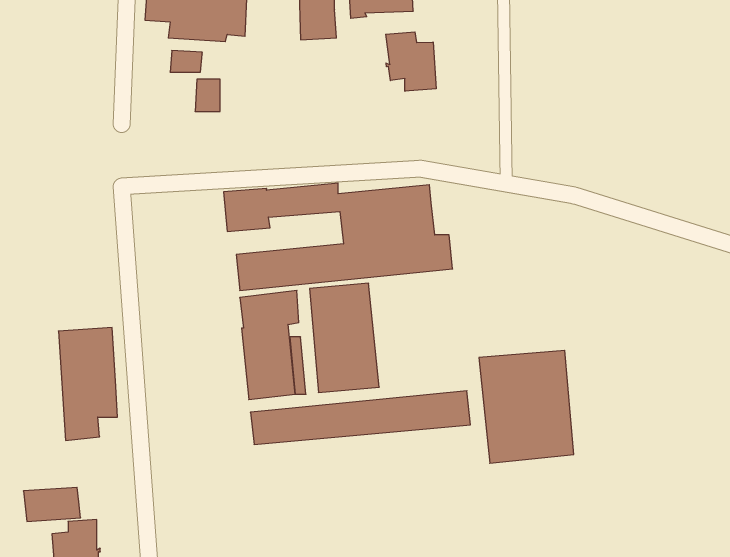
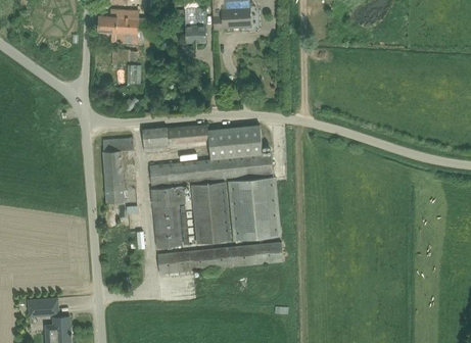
building: [386,32,436,91] -> none
building: [58,328,117,440] -> [102,138,136,202]
building: [479,350,574,463] -> [227,176,281,240]

